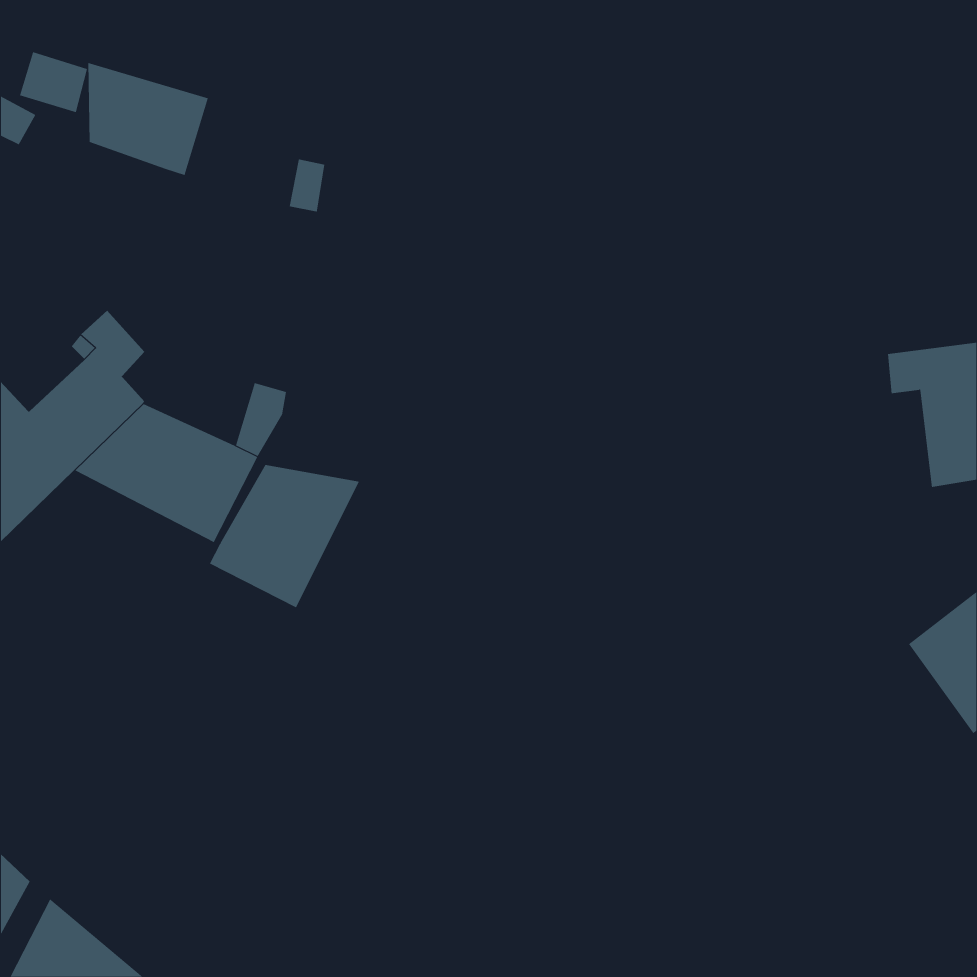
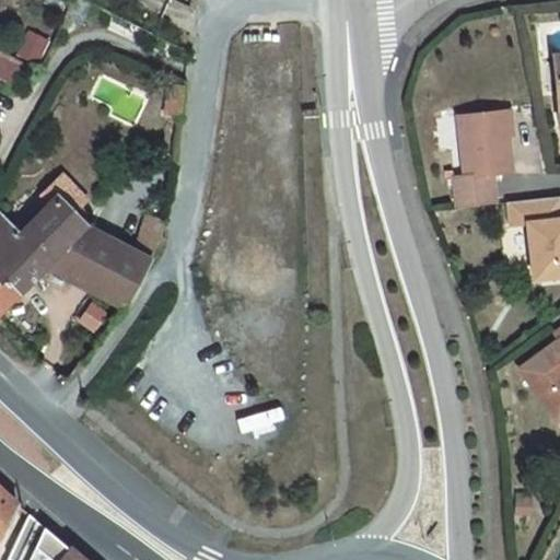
building: [88,62,209,176] -> none
building: none -> [453,110,511,207]
building: [209,464,360,608] -> none

